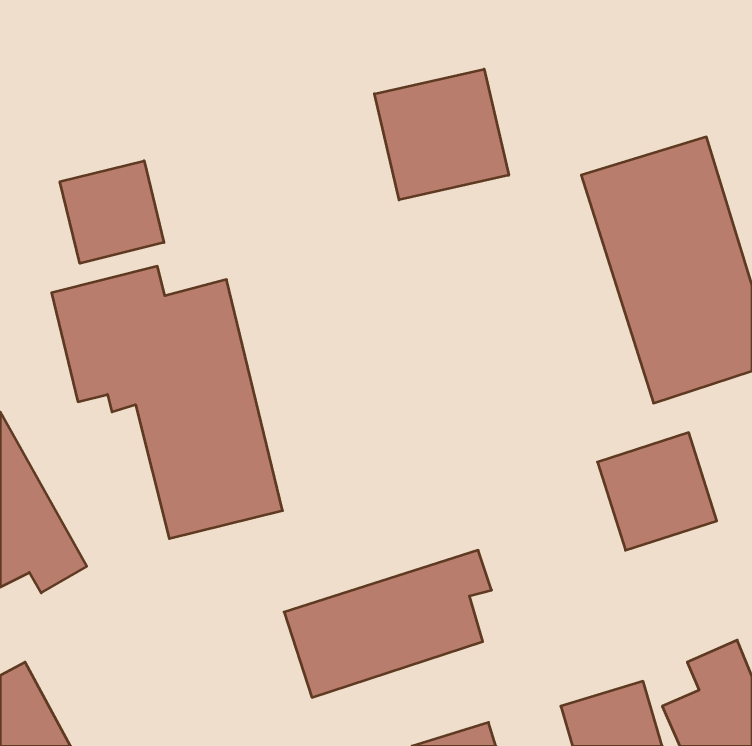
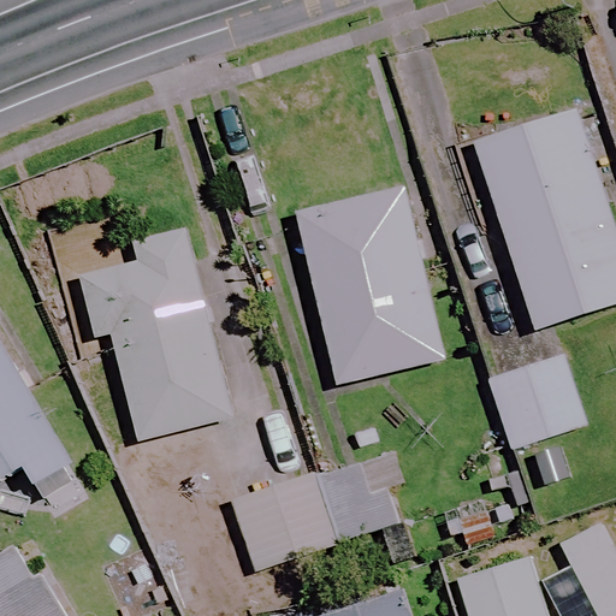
building: [374,69,509,200] -> none
building: [60,161,164,263] -> none
building: none -> [298,189,442,383]

